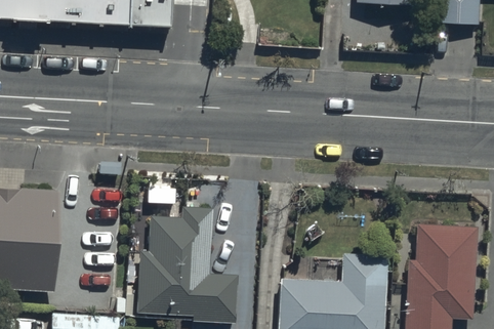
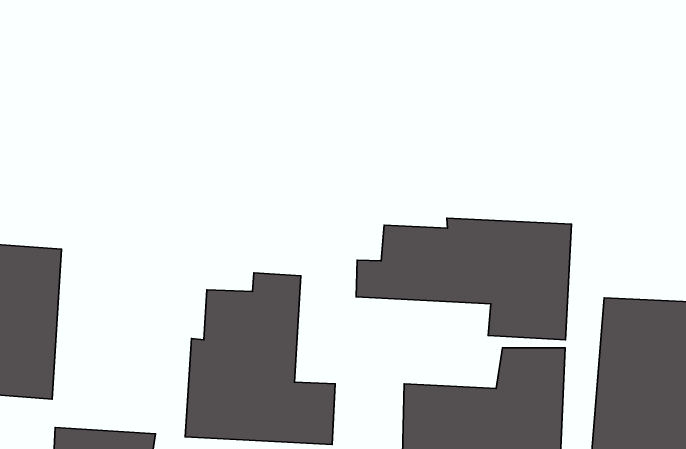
building: none -> [356,218,571,340]

